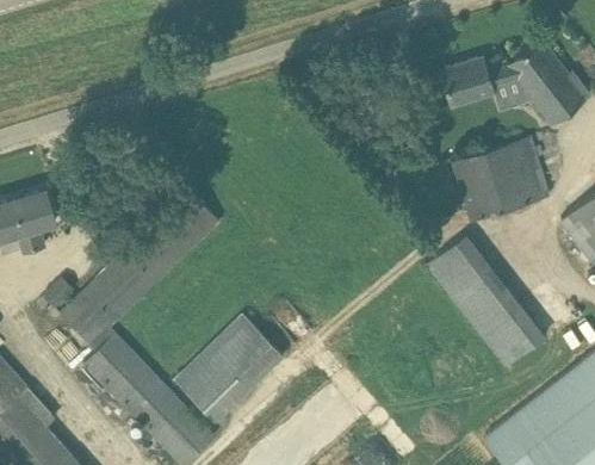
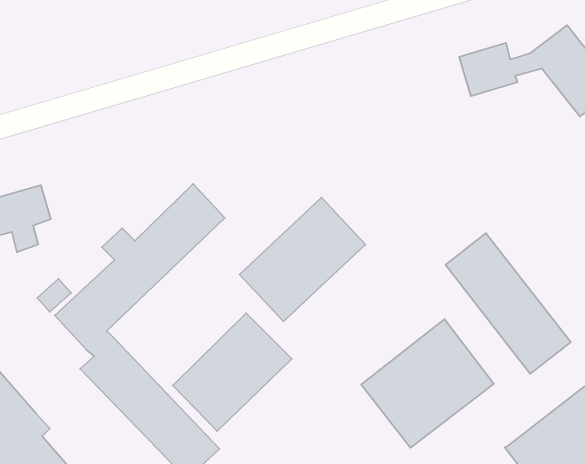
building: [448,138,547,224] -> none
building: none -> [239,198,365,321]
building: none -> [361,319,494,448]

